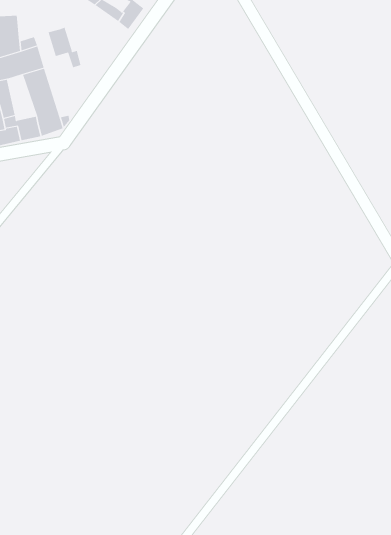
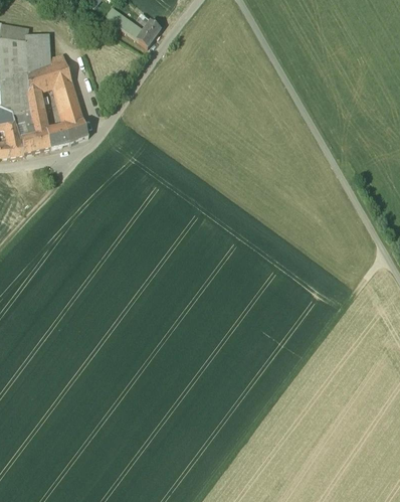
building: [48,27,81,68] -> none

